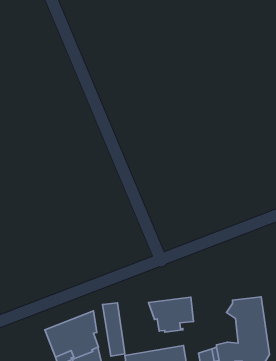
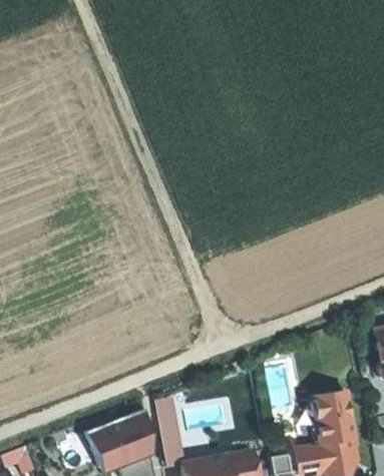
building: [148,297,194,332] -> none

